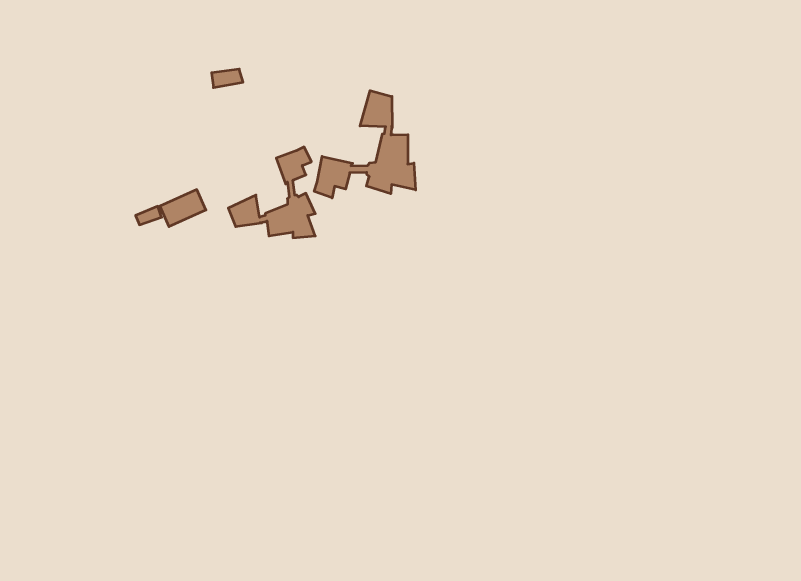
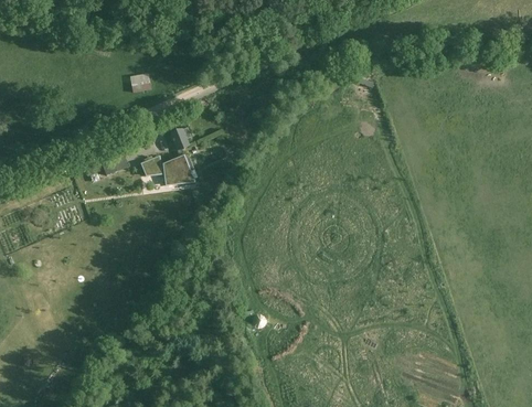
building: [314,91,416,198] -> none

